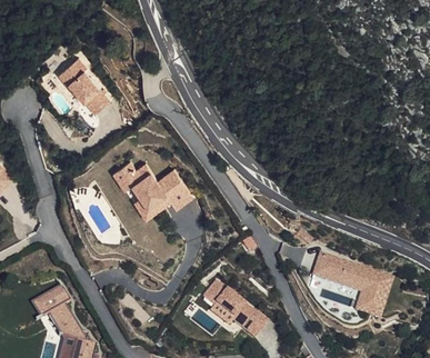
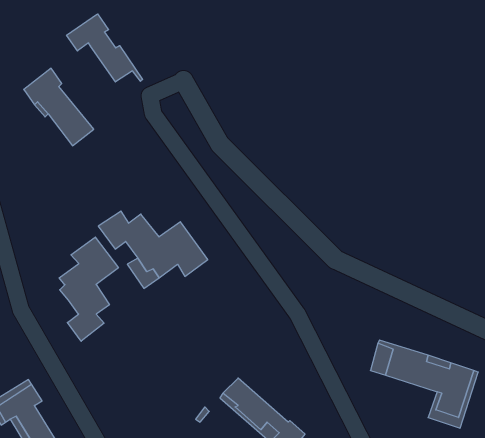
building: none -> [67,14,143,82]
building: none -> [59,237,118,341]

